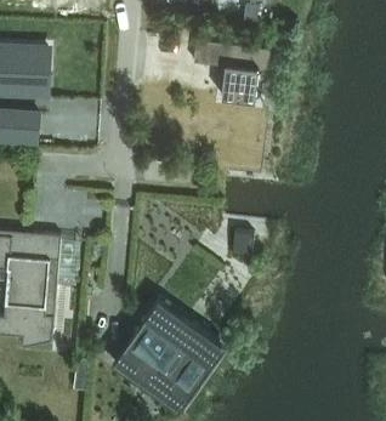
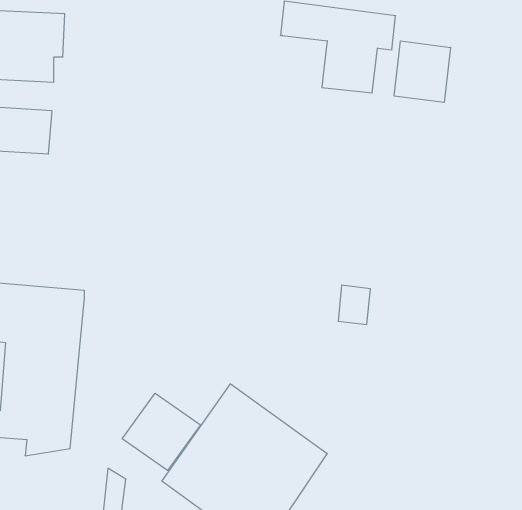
building: none -> [394,41,451,102]
building: none -> [122,393,201,470]

